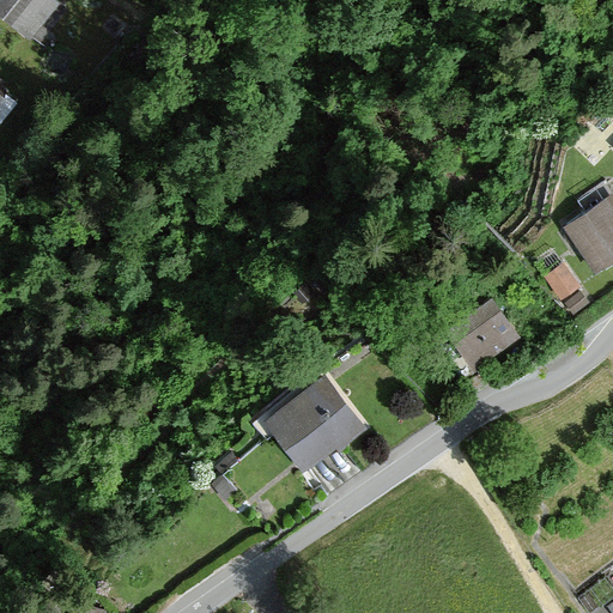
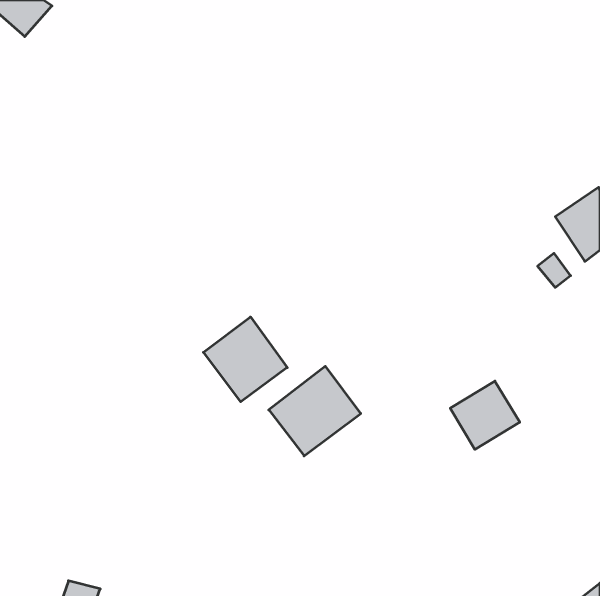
building: [445,299,516,369] -> [450,381,520,449]
building: none -> [203,317,287,402]

